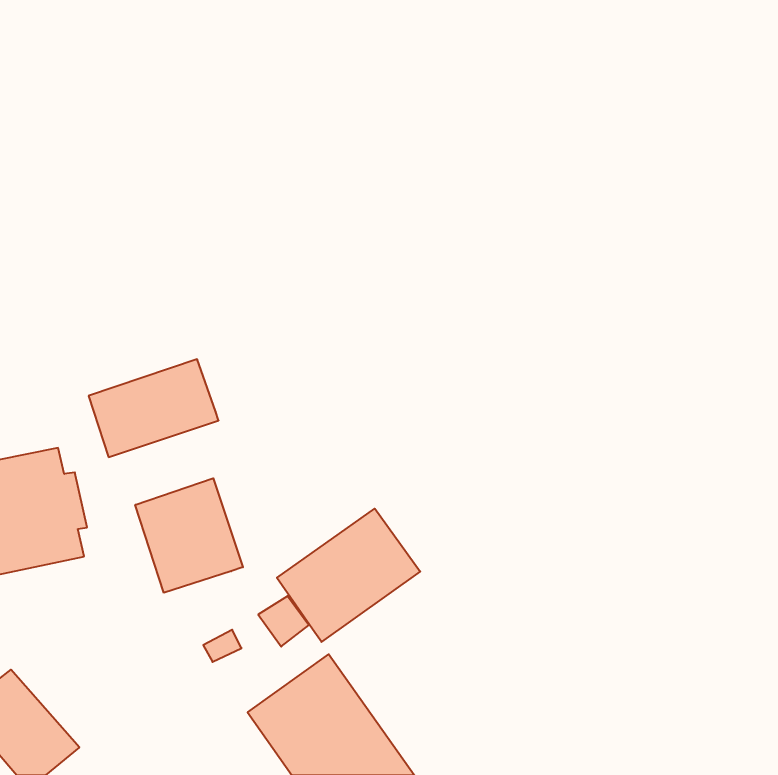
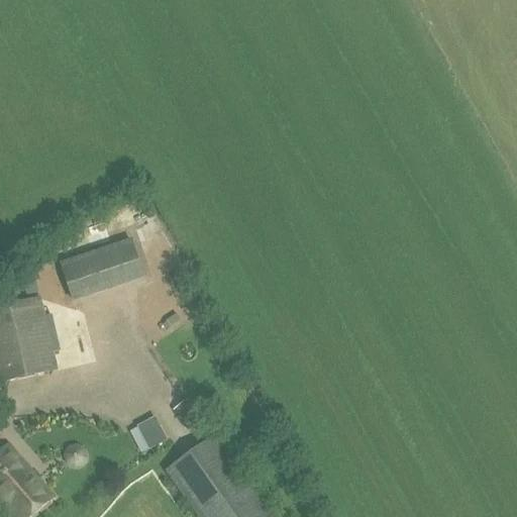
building: [135,478,243,593] -> none
building: [277,509,420,642] -> none

